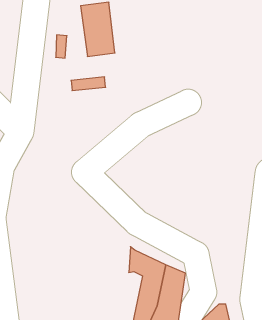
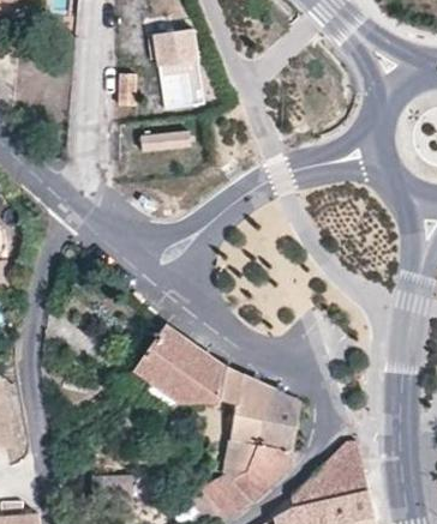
building: none -> [137,330,223,405]

